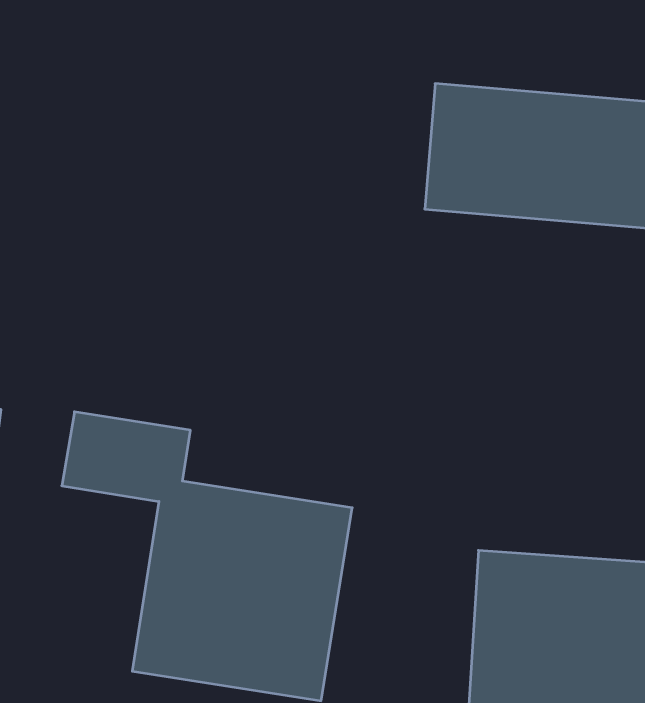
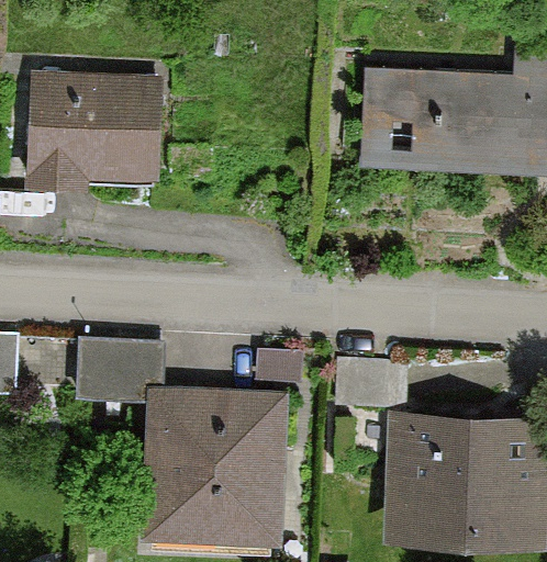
building: none -> [22,72,160,178]

